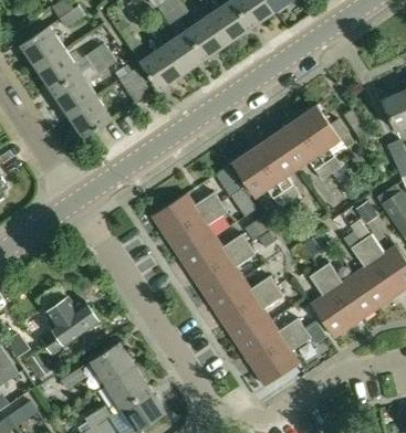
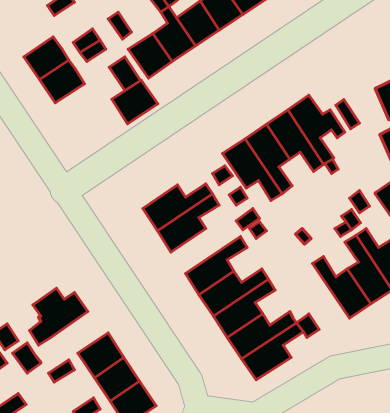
building: [20,25,64,68] -> none
building: [66,95,112,138] -> [112,80,158,124]
building: [180,235,249,282] -> none
building: [310,272,356,340] -> none

